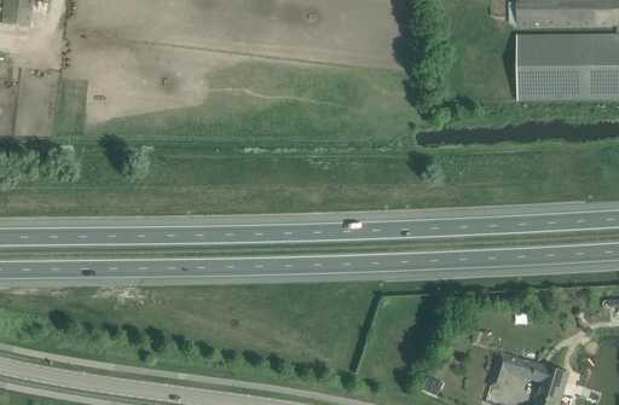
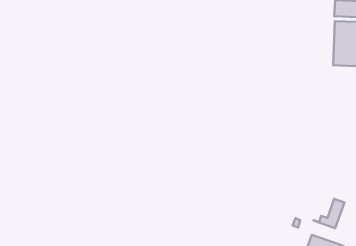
building: none -> [314,199,344,228]

